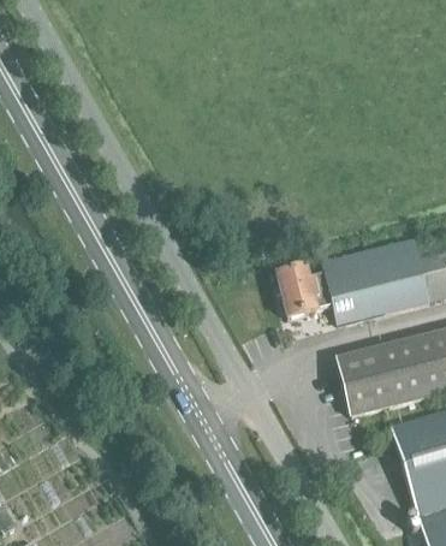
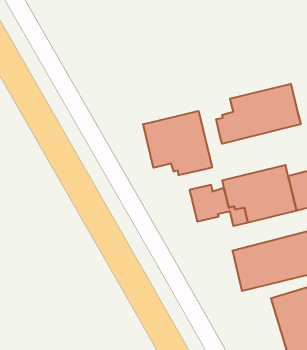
building: none -> [216,84,301,144]
building: none -> [143,111,212,175]

